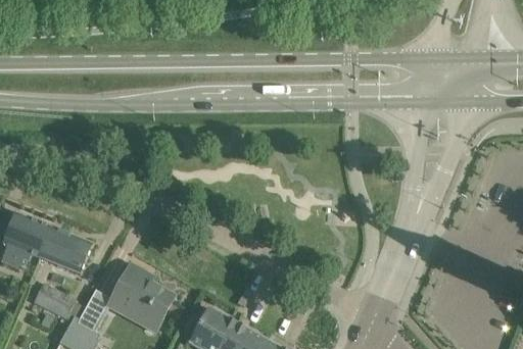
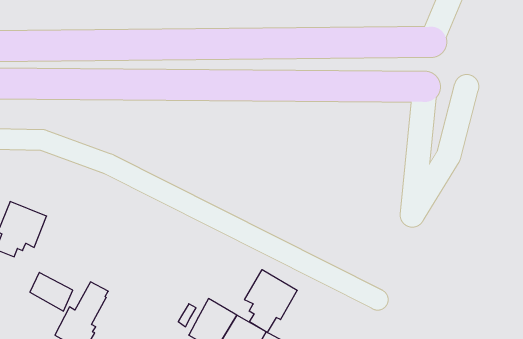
building: [39,227,92,273] -> none
building: [108,264,174,332] -> none
building: none -> [245,270,297,333]

